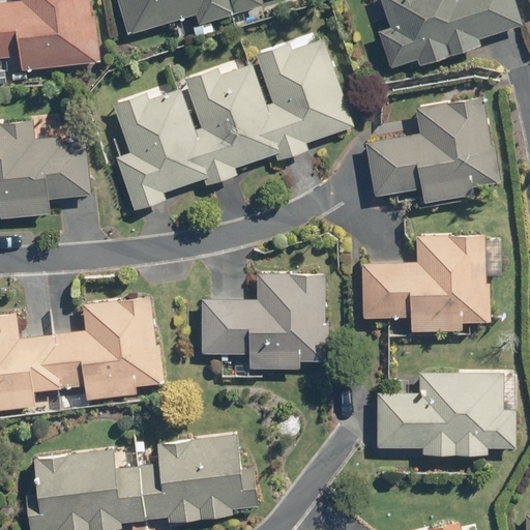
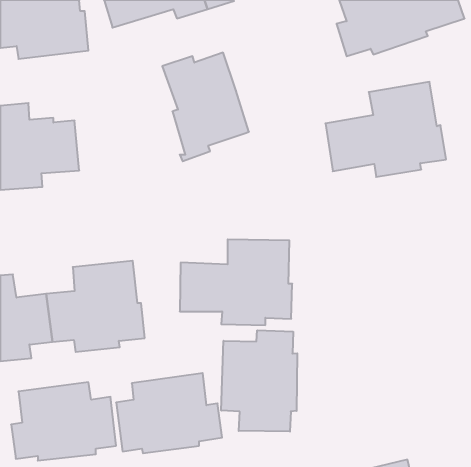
building: [254,38,353,161] -> none
building: [113,88,208,211] -> none
building: [362,235,490,330] -> none
building: [377,372,516,454] -> none
building: none -> [221,330,297,432]

